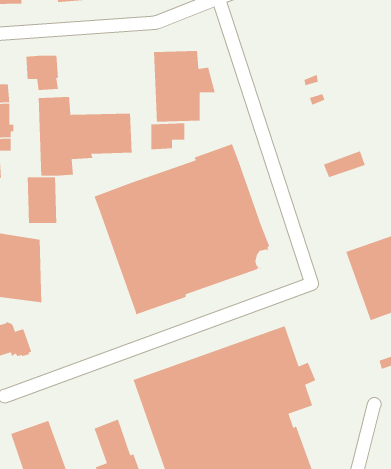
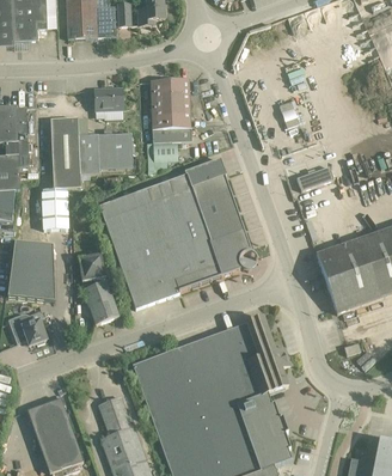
building: [25,55,59,91] -> [94,87,123,118]
building: none -> [78,252,120,323]

